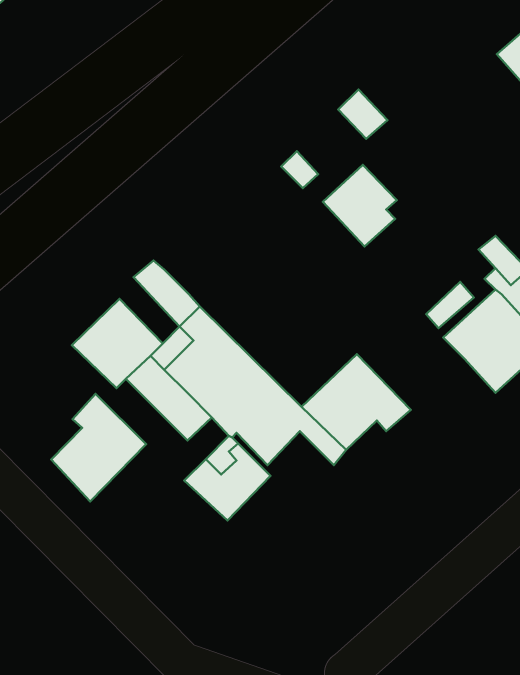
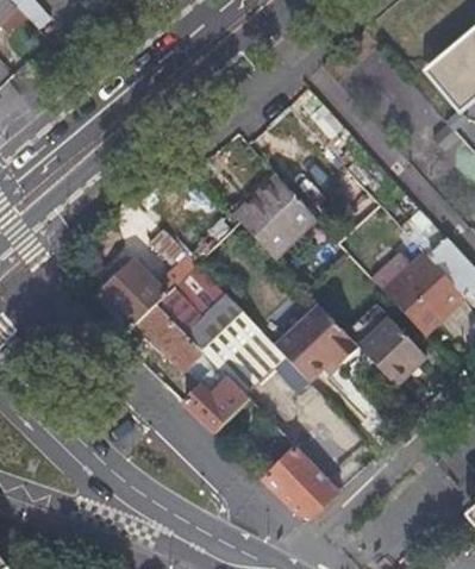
building: none -> [236,181,314,257]
building: none -> [357,315,426,383]
building: [51,394,146,502] -> none
building: none -> [262,443,339,513]

